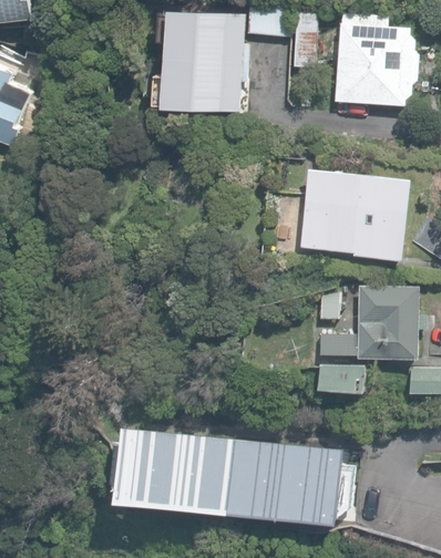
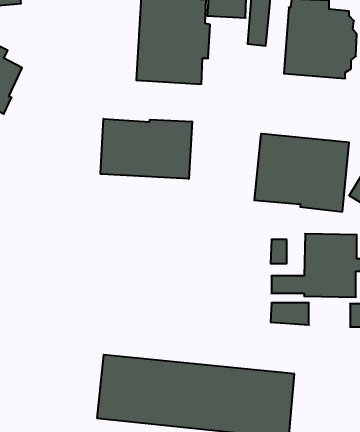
building: none -> [101,119,192,179]

